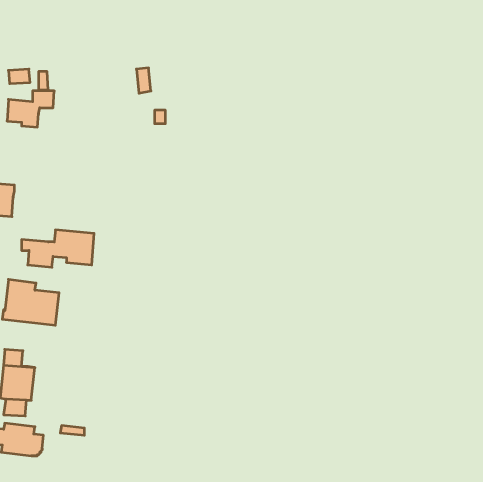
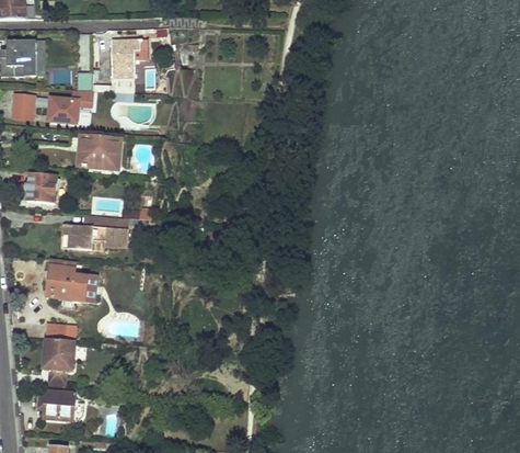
building: none -> [92,39,140,92]
building: none -> [77,133,120,169]

